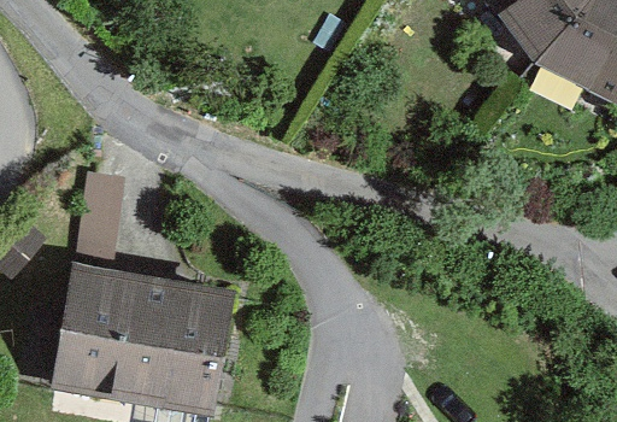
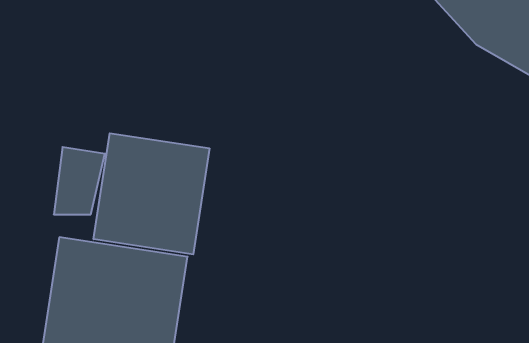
building: none -> [94,133,209,254]

